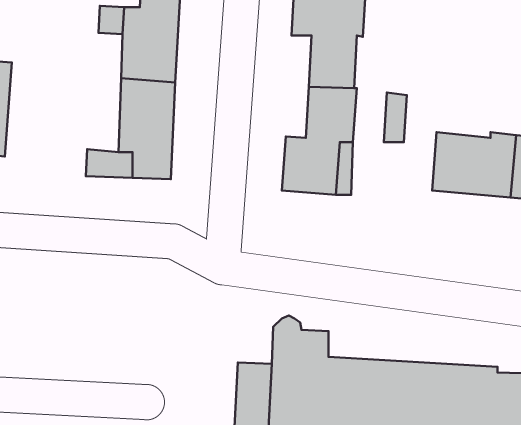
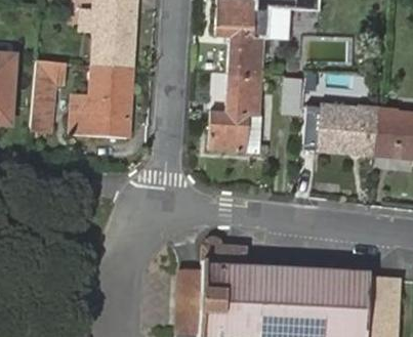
building: none -> [25,61,59,137]

